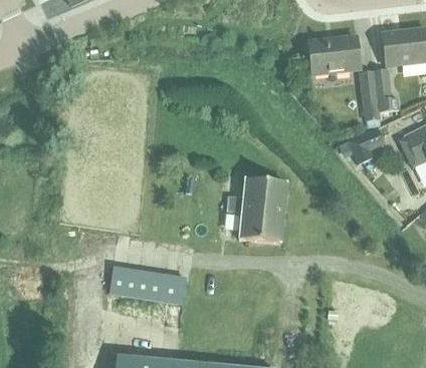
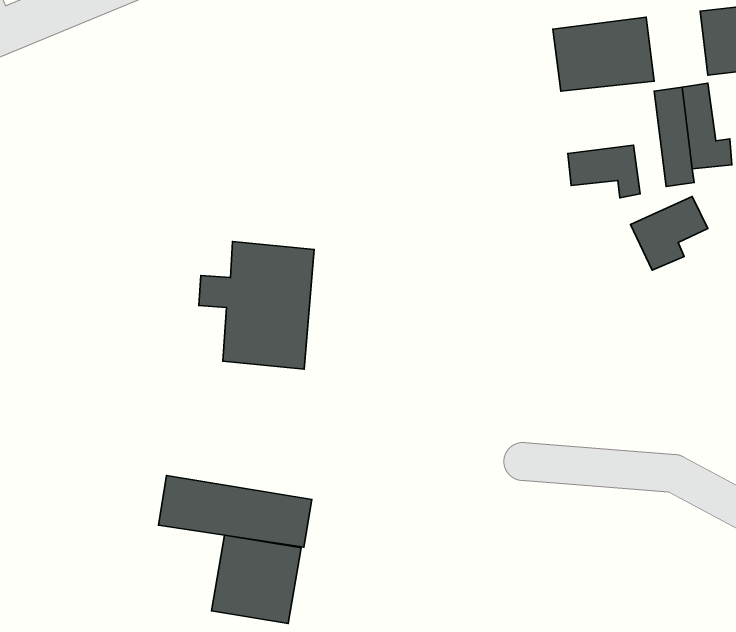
building: none -> [568,145,640,198]
building: [227,178,285,243] -> [199,242,314,369]
building: none -> [212,535,301,624]

